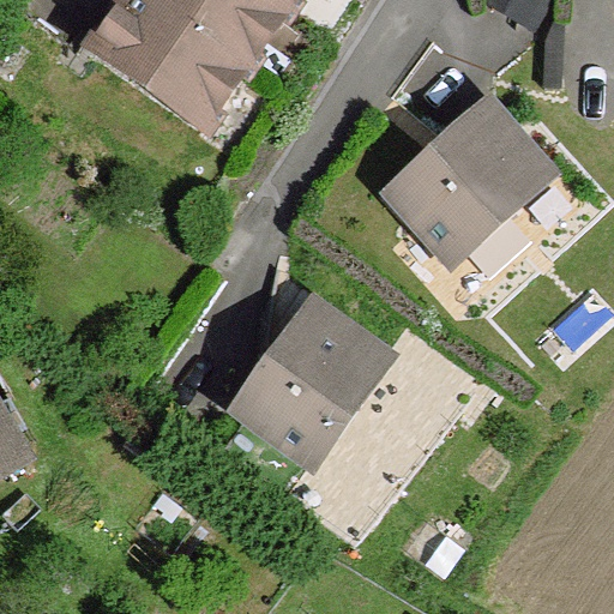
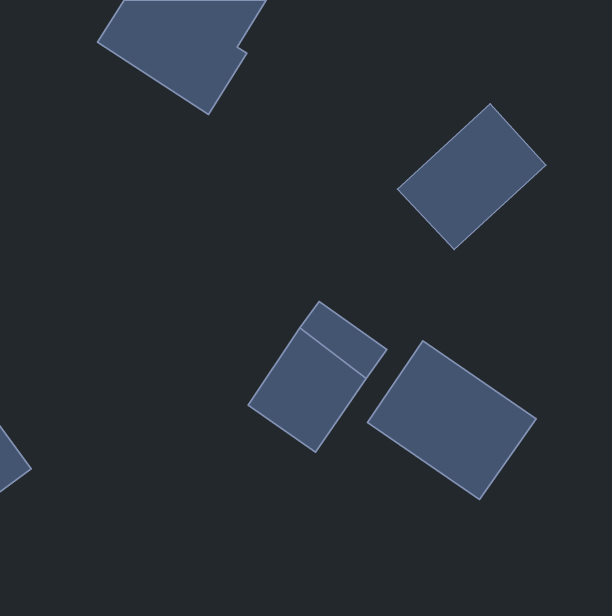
building: none -> [368,341,536,500]

